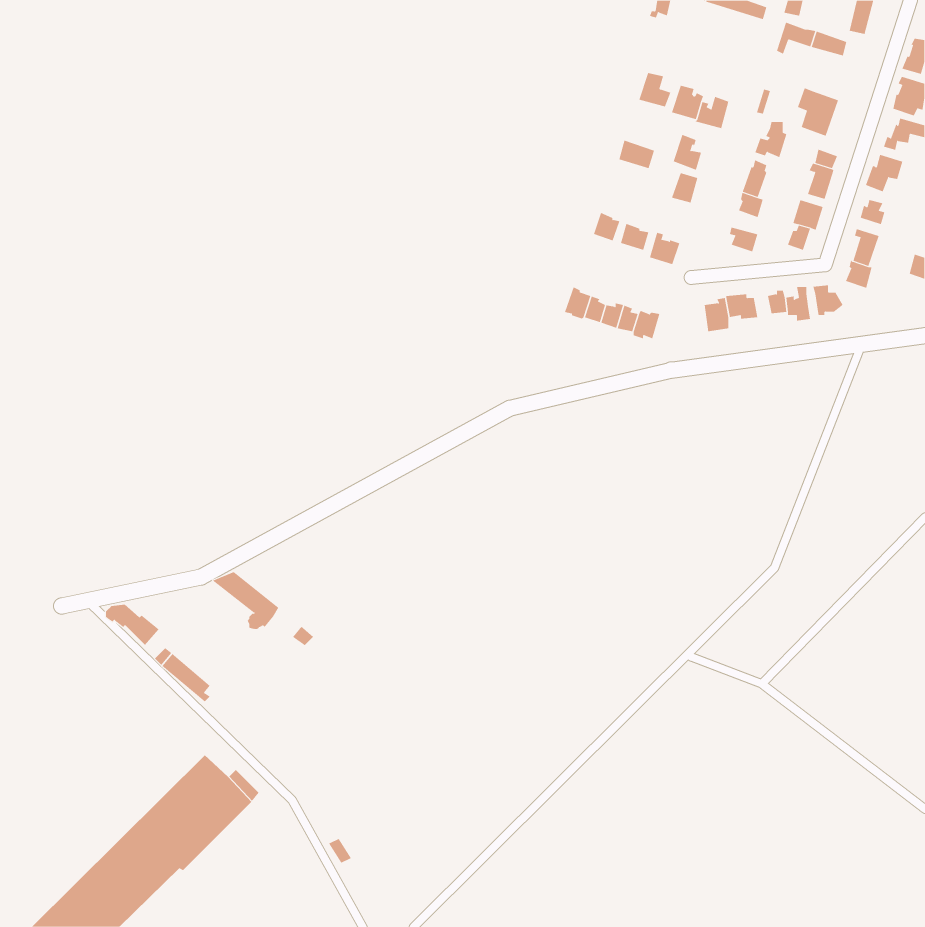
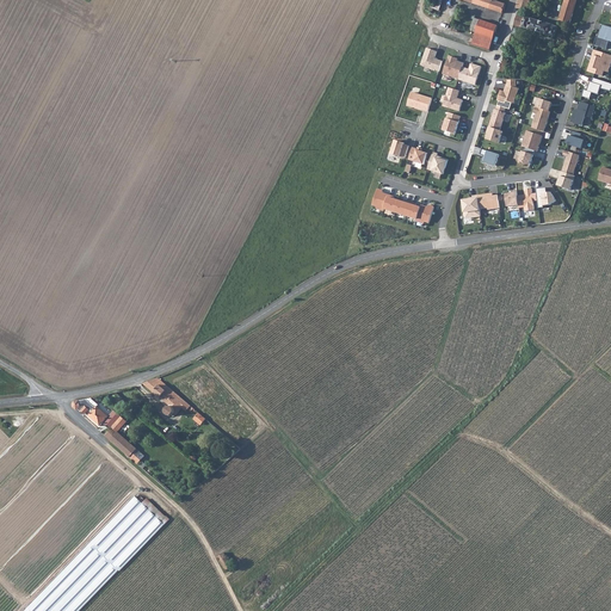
building: [797,87,839,136] -> [469,18,496,50]

